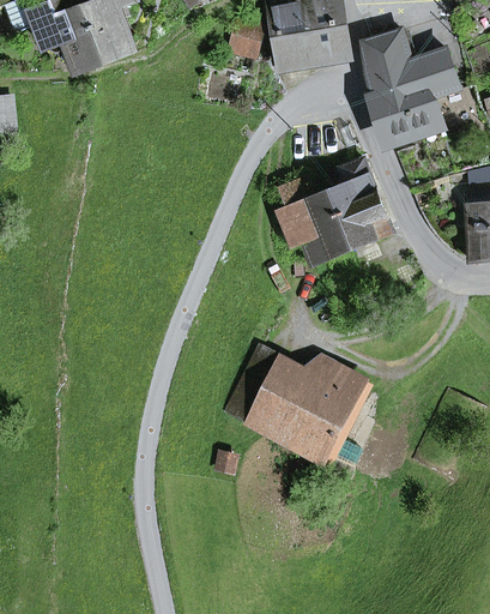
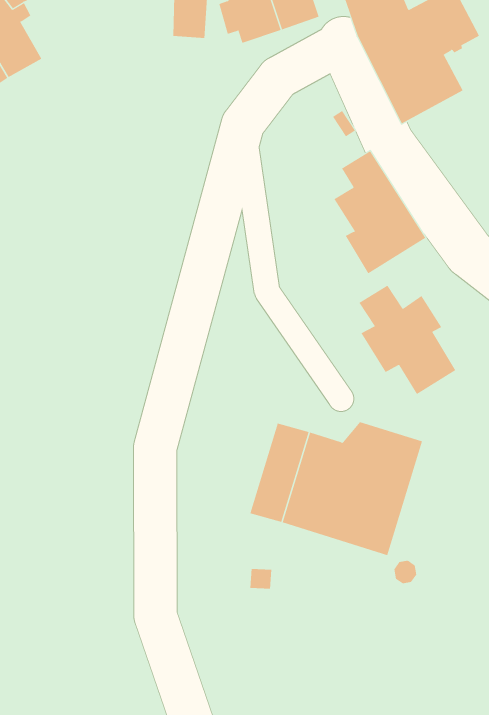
building: [280,179,346,264] -> [358,285,456,395]

